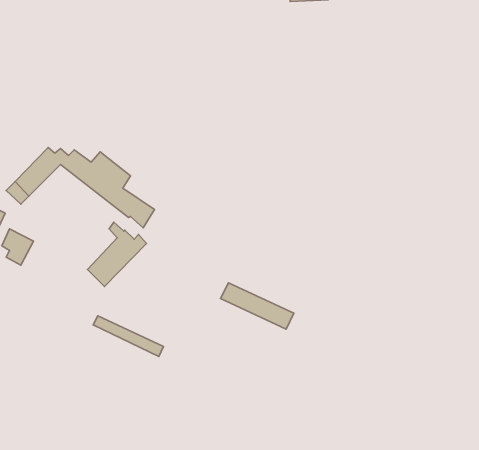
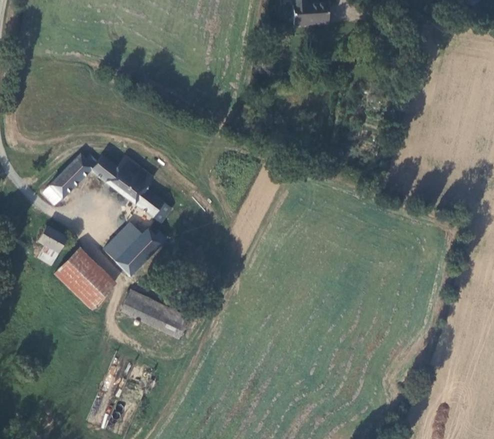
building: none -> [103,222,141,262]
building: none -> [54,250,113,308]
building: [220,283,294,329] -> [124,289,189,330]

